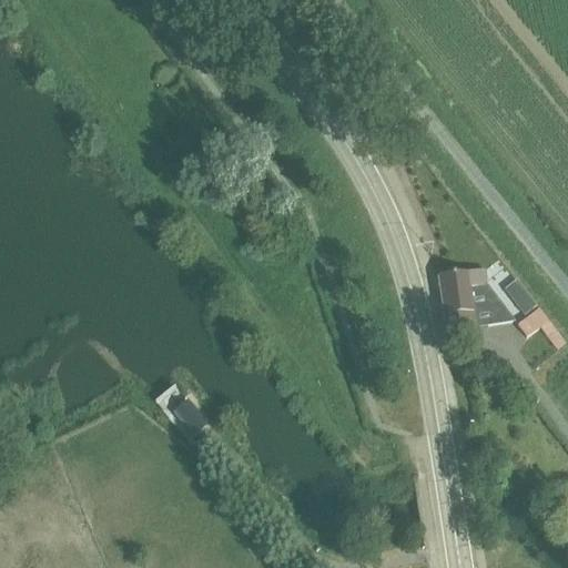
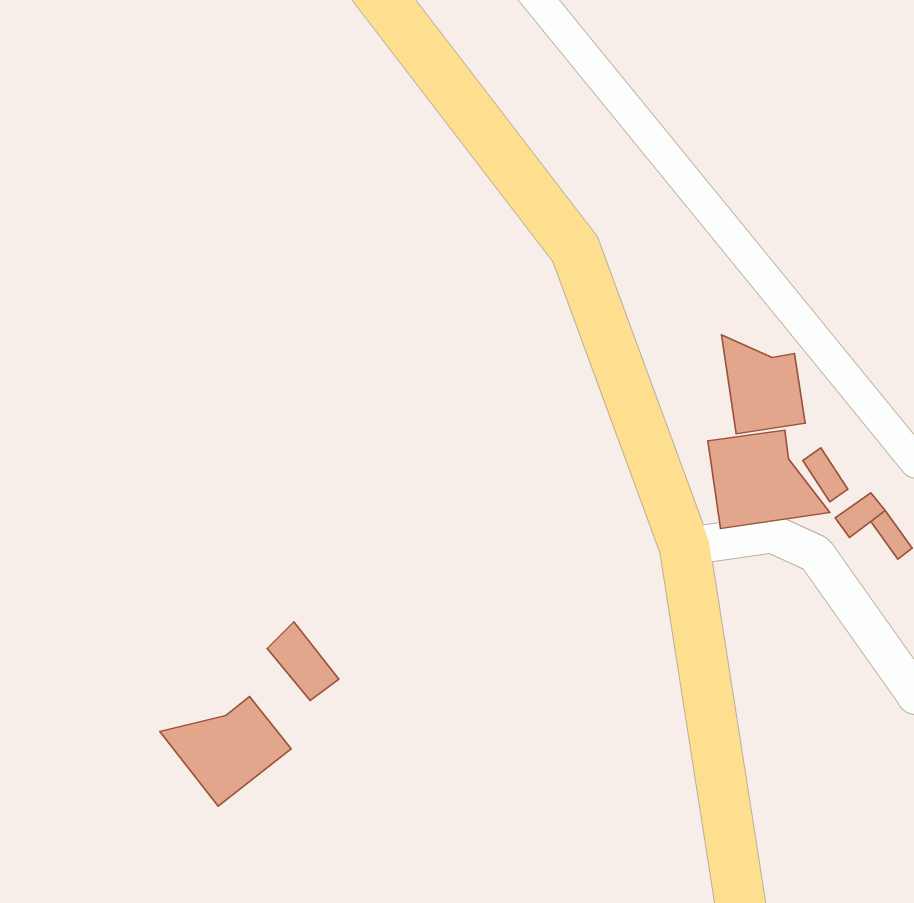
building: none -> [722,335,805,434]
building: none -> [160,697,291,806]

